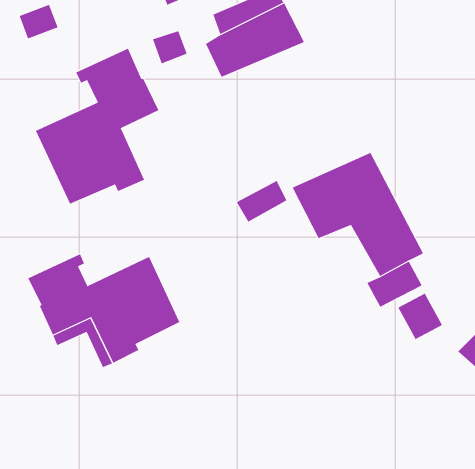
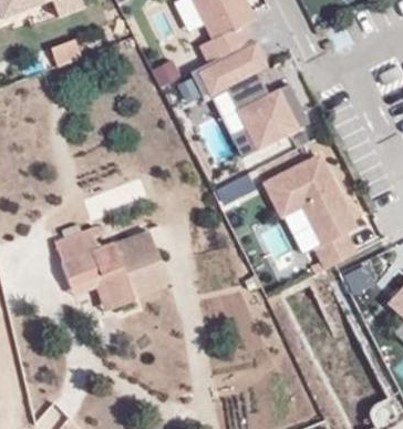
building: [35,48,159,204] -> none
building: none -> [235,85,300,150]

